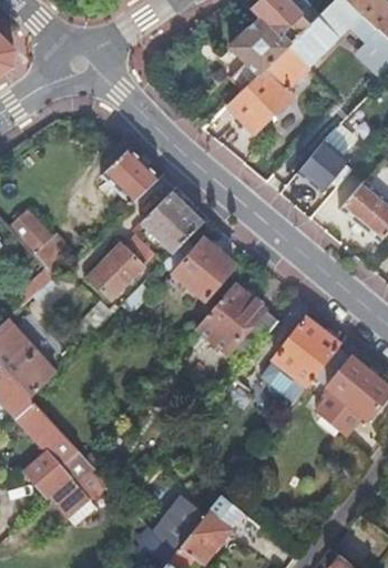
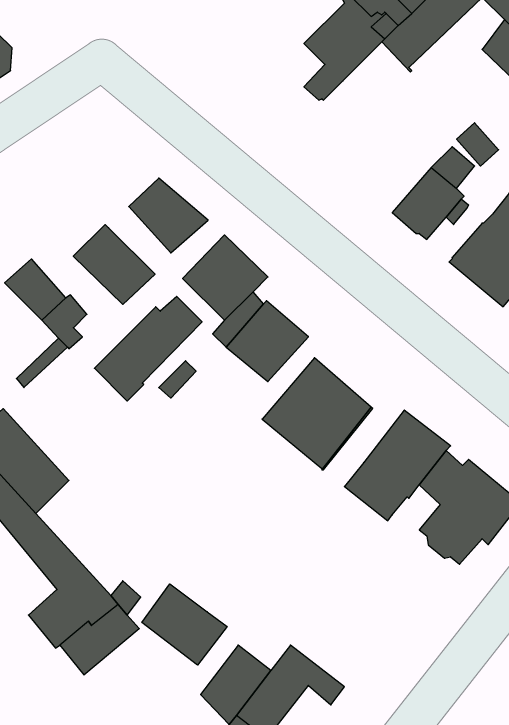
building: [226,47,308,133] -> none
building: none -> [73,225,155,304]
building: none -> [142,584,227,665]

